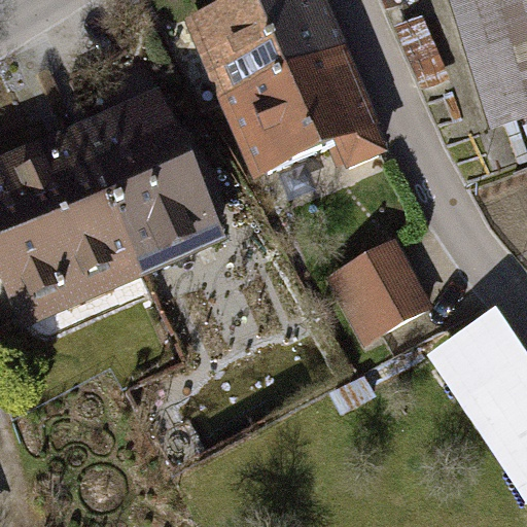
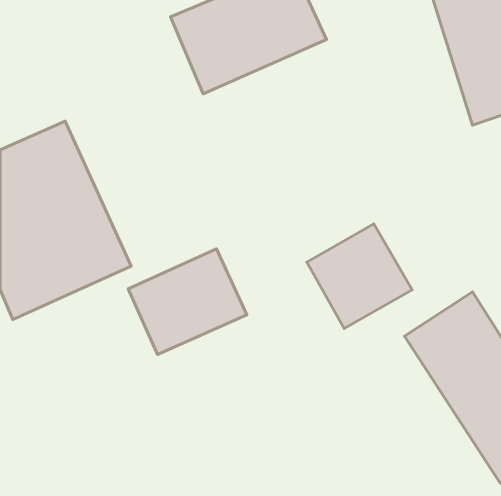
building: [215,41,392,180] -> none
building: [71,87,226,278] -> none
building: none -> [128,249,247,354]

